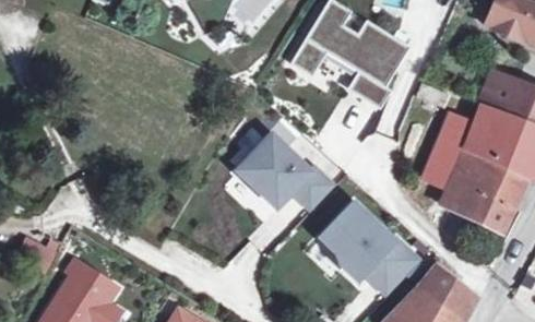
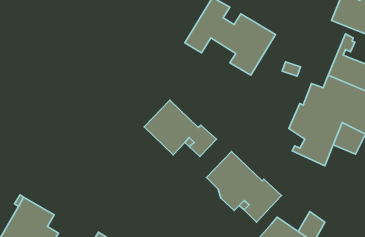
building: [475,193,515,232] -> none
building: [413,265,455,307] -> none

